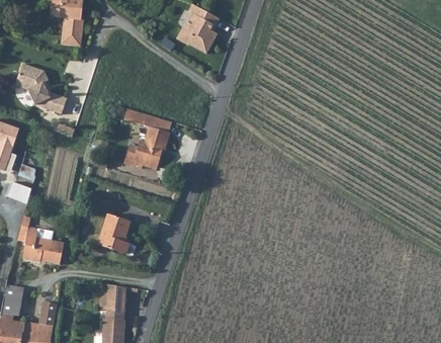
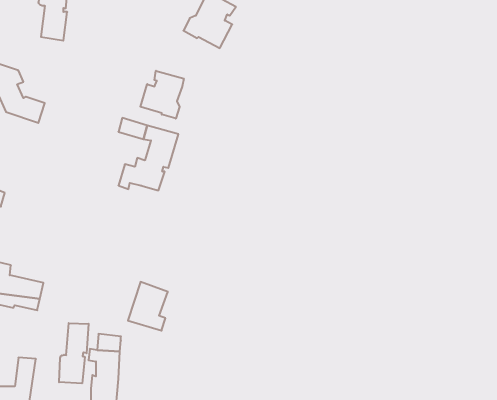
building: none -> [140,71,184,119]
building: [98,212,130,252] -> [128,282,168,331]
building: none -> [59,323,89,383]

